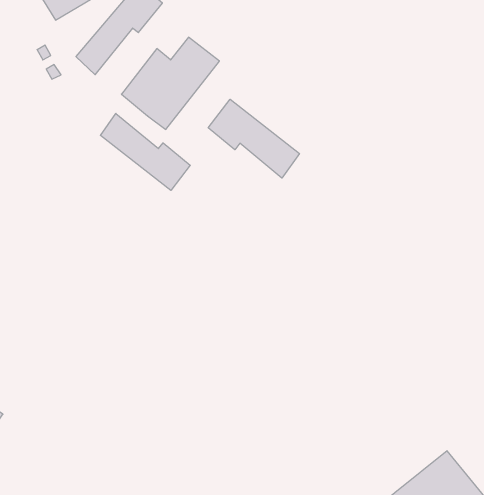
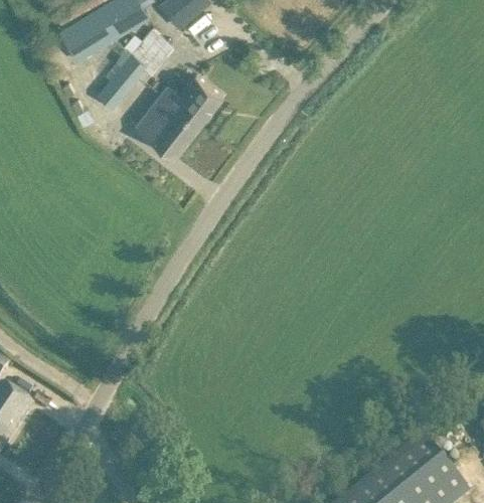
building: [208,99,299,178] -> none
building: [100,113,190,190] -> none

